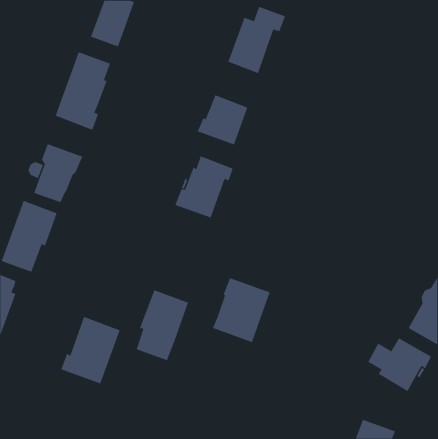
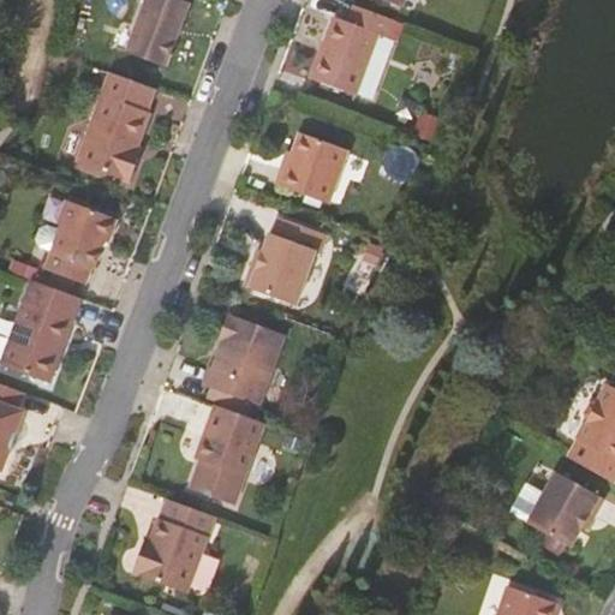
building: [212,278,271,343] -> [198,312,280,404]
building: [60,316,121,384] -> [132,498,216,593]

